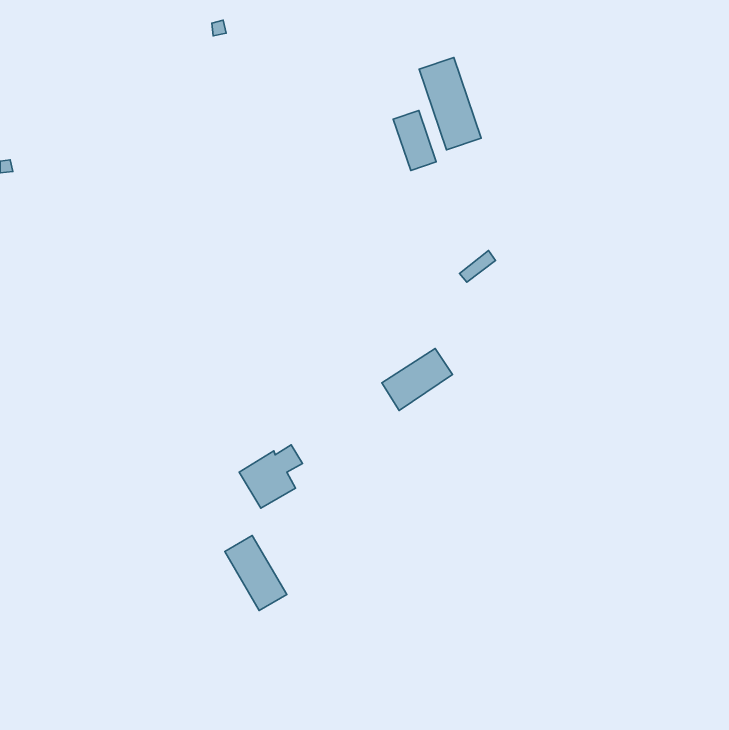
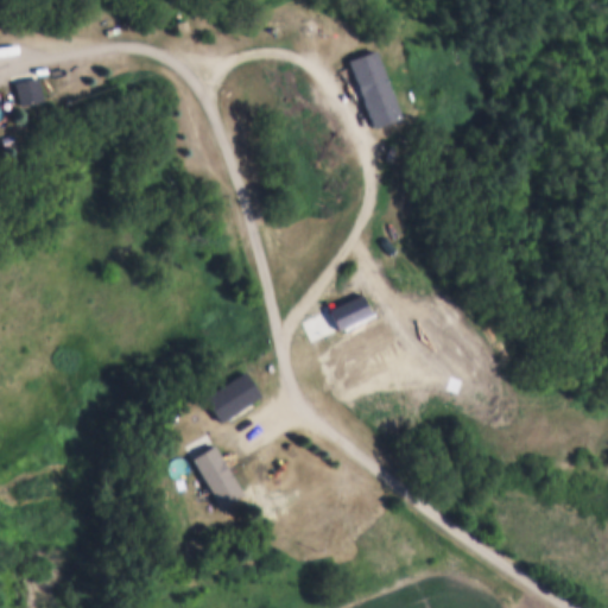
building: none -> [15,77,46,108]
building: [393,111,436,171] -> none

